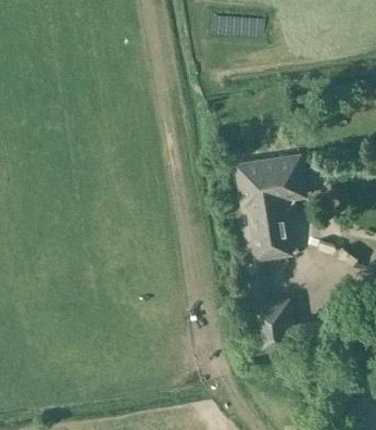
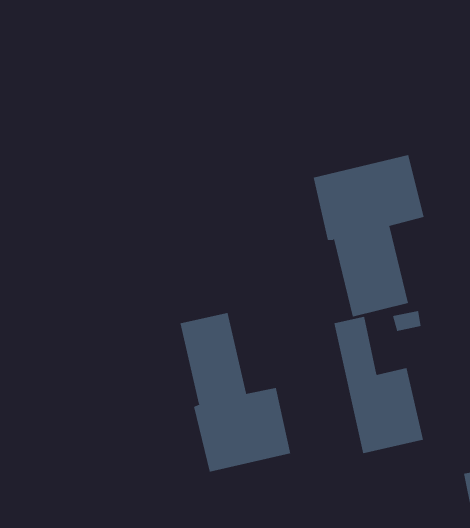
building: none -> [180,312,291,472]

